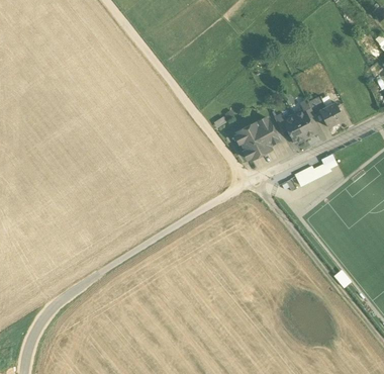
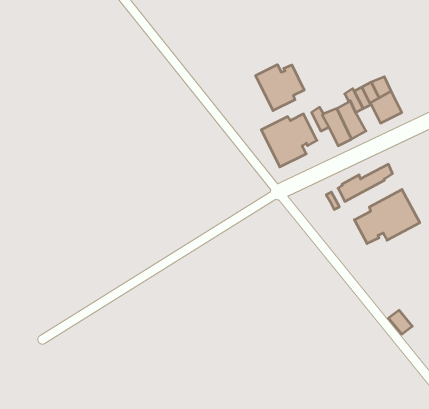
building: none -> [256,65,304,111]
building: none -> [354,189,420,244]

